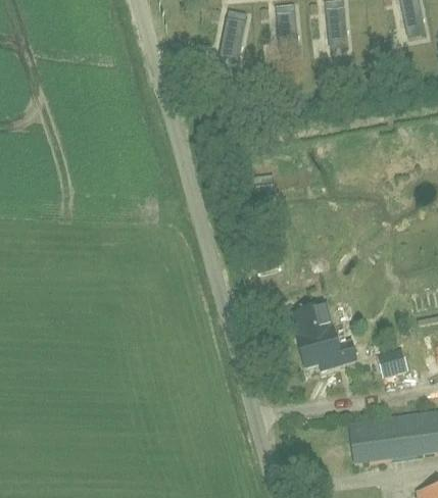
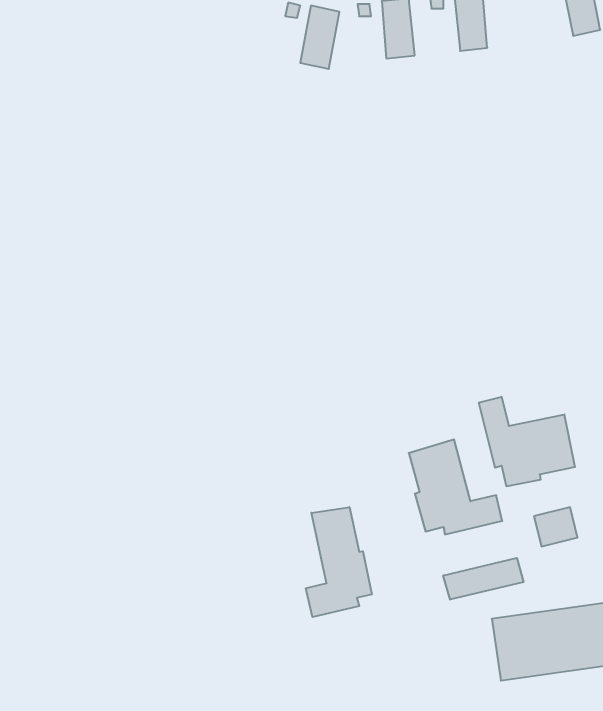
building: none -> [479,397,575,486]
building: none -> [306,507,372,617]
building: none -> [443,558,524,600]

